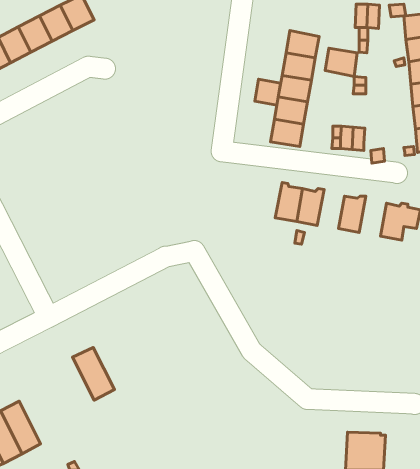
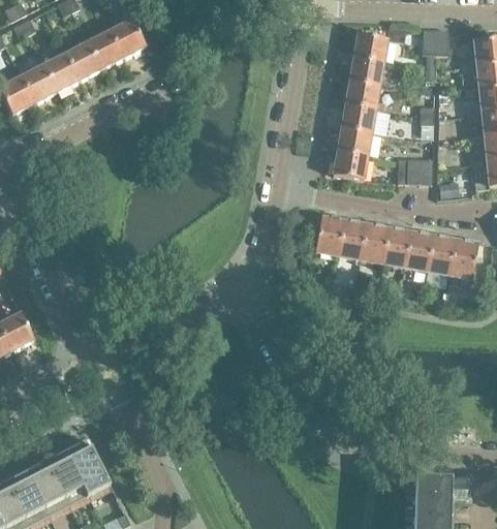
building: [325,48,357,76] -> [352,33,386,63]
building: [255,79,280,105] -> none
building: none -> [314,217,344,255]
building: none -> [381,225,410,267]
building: none -> [426,232,455,275]
building: [73,347,115,400] -> [65,439,110,495]

